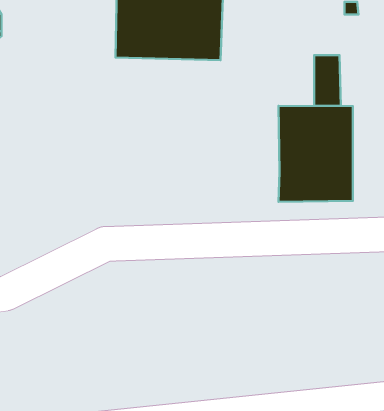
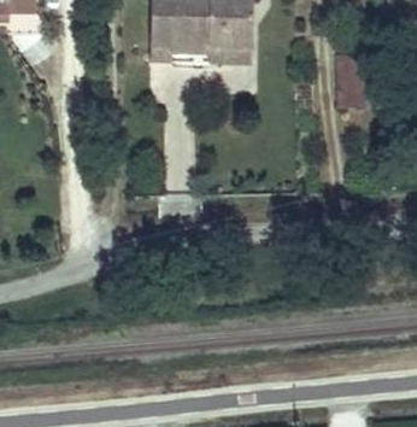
building: [279,106,353,202] -> none

